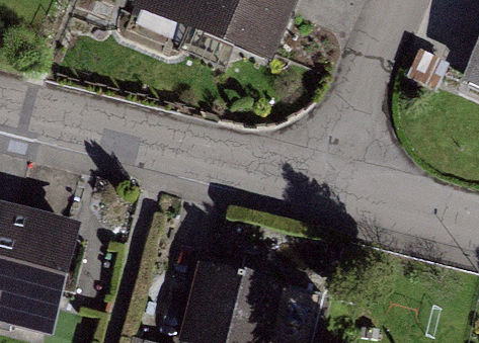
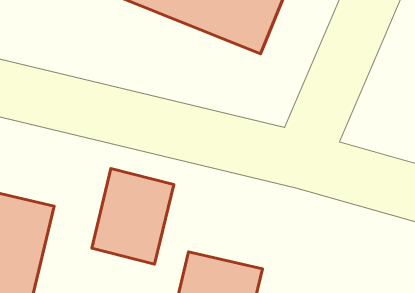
building: none -> [92,169,174,264]

